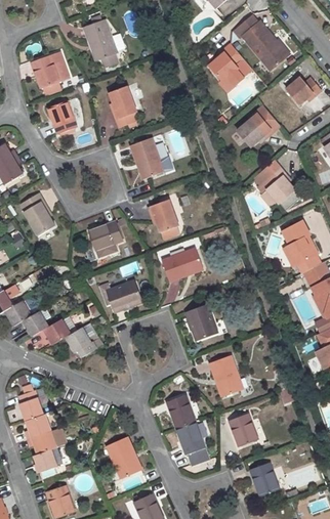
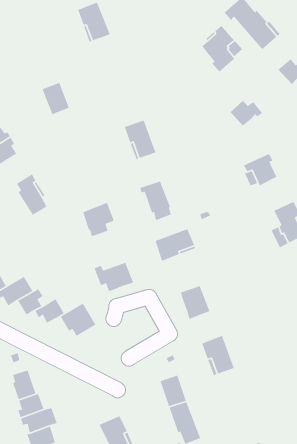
building: [32,51,70,95] -> none
building: [108,85,137,128] -> none
building: [229,414,257,446] -> none

